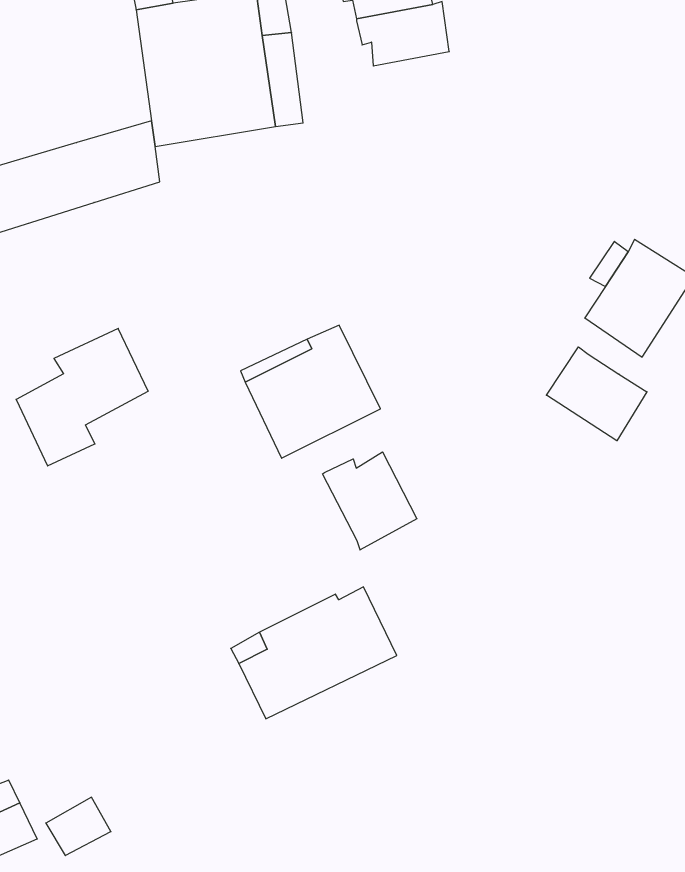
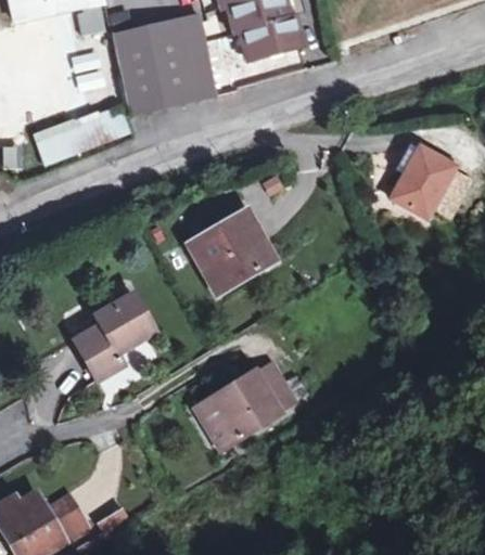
building: [16,328,148,466] -> [75,295,153,379]
building: [546,347,647,441] -> none
building: [323,452,417,550] -> none

